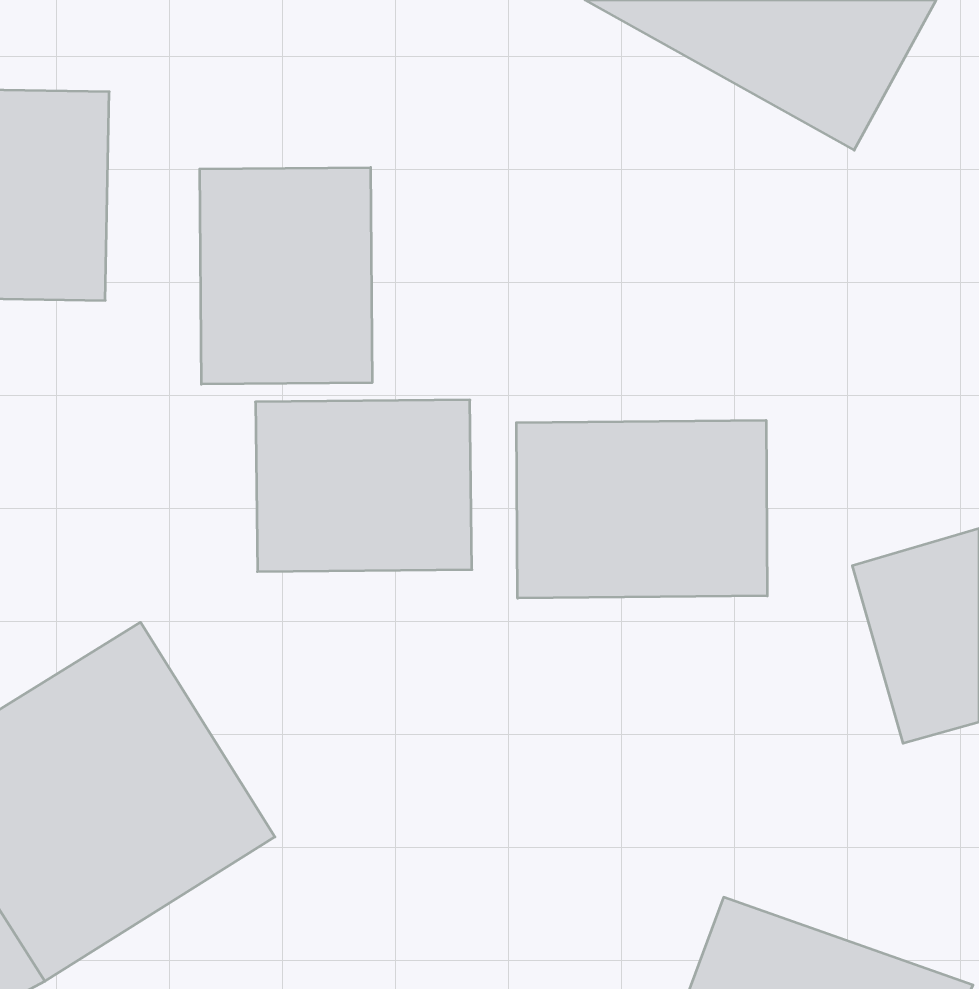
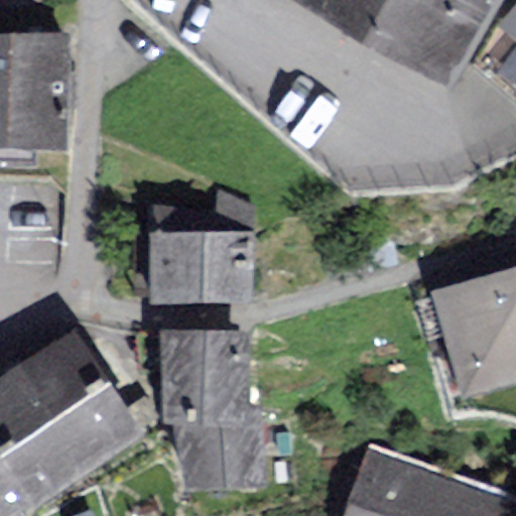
building: [200,167,372,384] -> none
building: [516,420,767,598] -> none
building: none -> [160,317,277,497]

